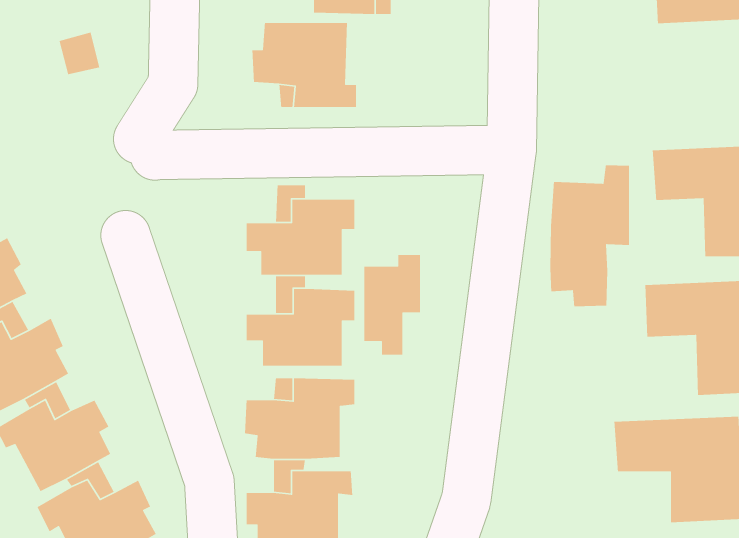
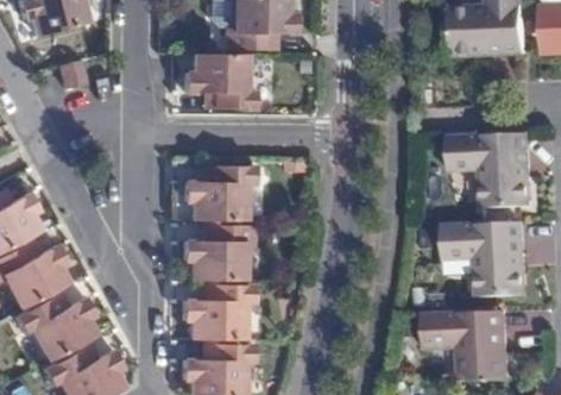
building: [549,164,630,307] -> none
building: [363,254,421,355] -> none

